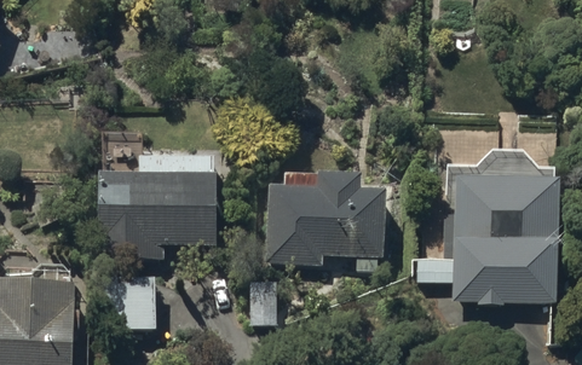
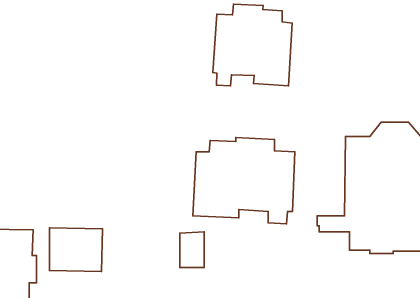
building: none -> [213,4,292,86]
building: [97,131,214,259] -> none

